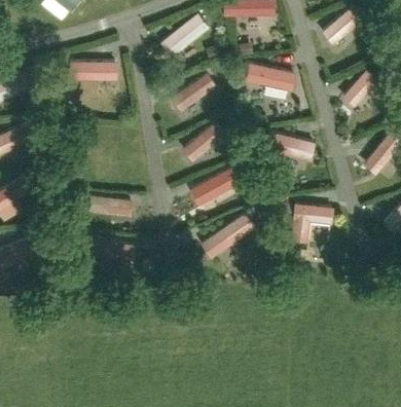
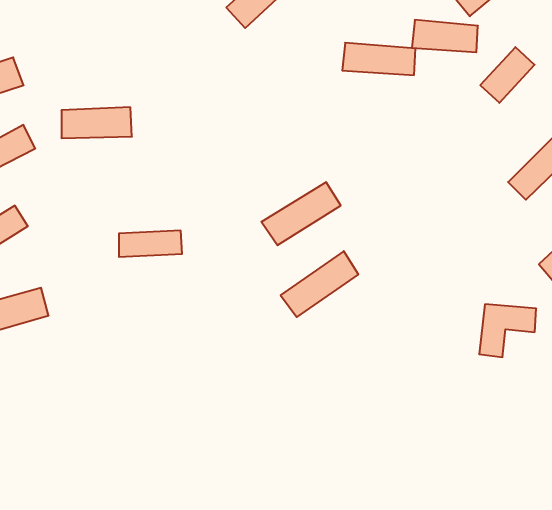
building: [68,61,117,82] -> [61,107,132,138]
building: [173,73,217,113] -> none
building: [182,121,224,162] -> none
building: [265,135,312,157] -> [412,20,478,52]
building: [286,207,326,244] -> [479,304,536,357]

